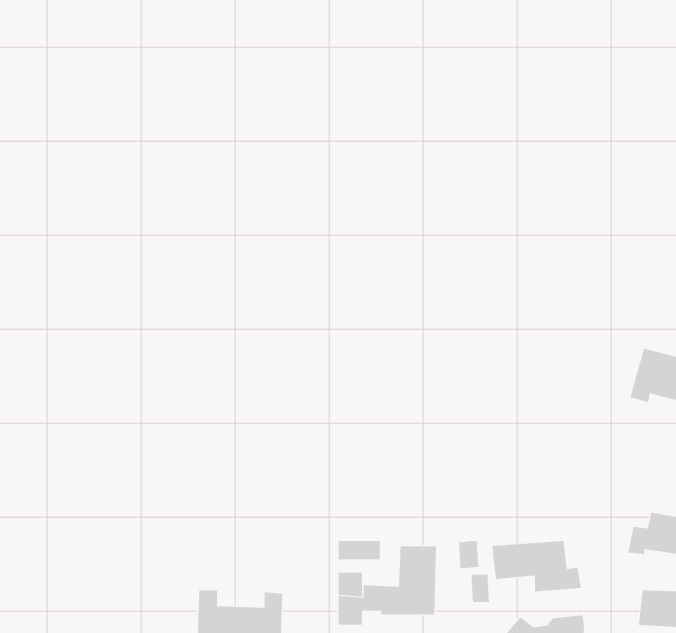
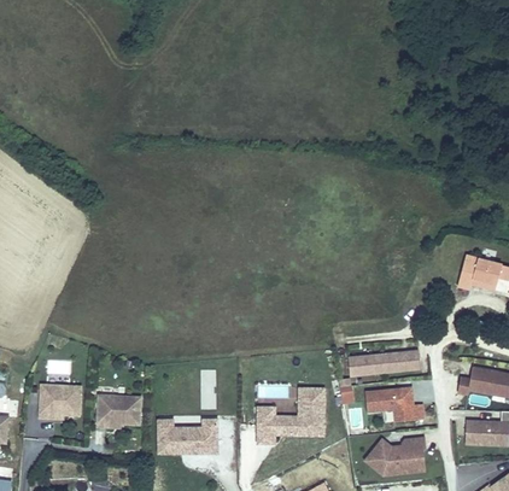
building: none -> [350,349,422,376]
building: none -> [36,382,82,421]
building: none -> [94,393,142,428]

